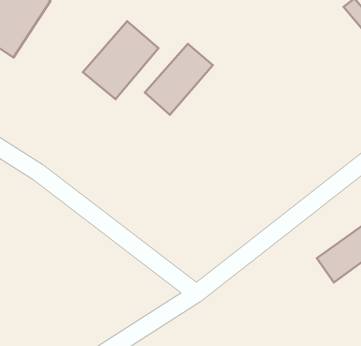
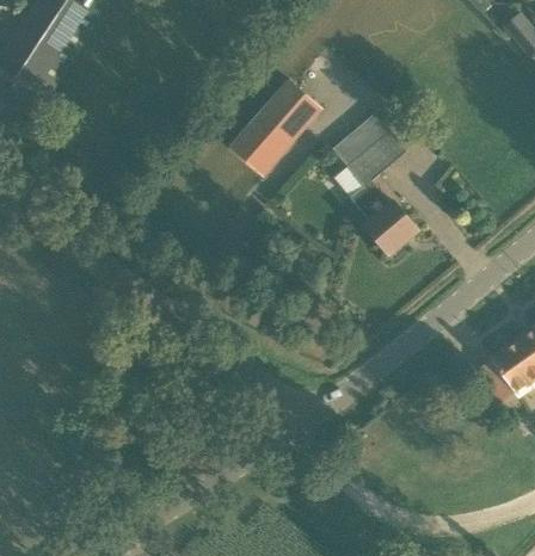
building: [83,21,159,99] -> none
building: none -> [331,111,419,254]

